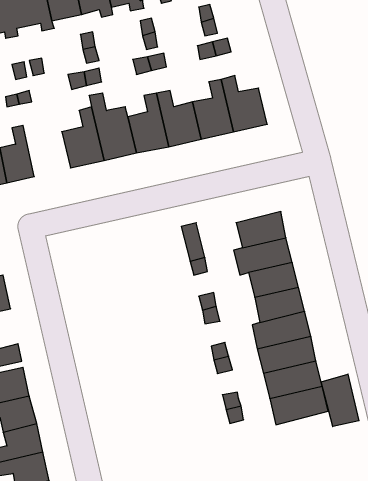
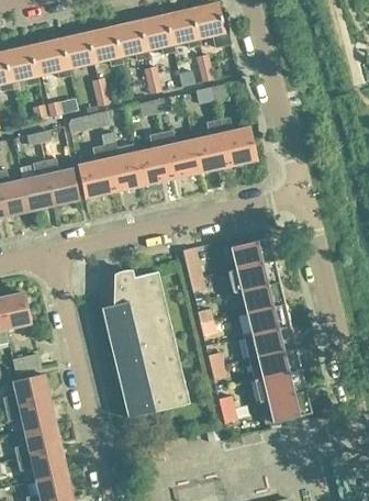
building: none -> [42,157,78,205]
building: none -> [101,270,189,417]
building: [321,374,359,427] -> none

